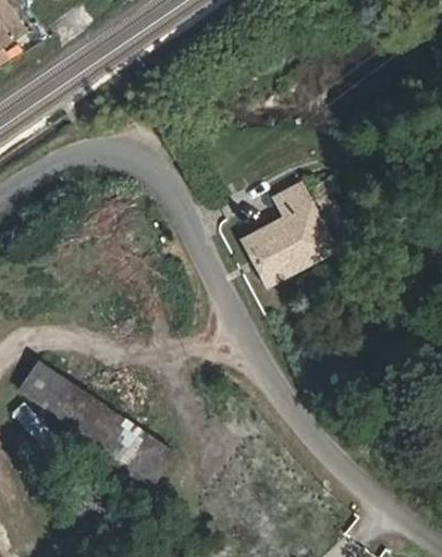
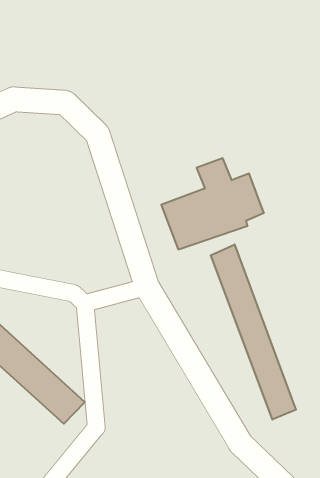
building: none -> [211,244,296,420]

